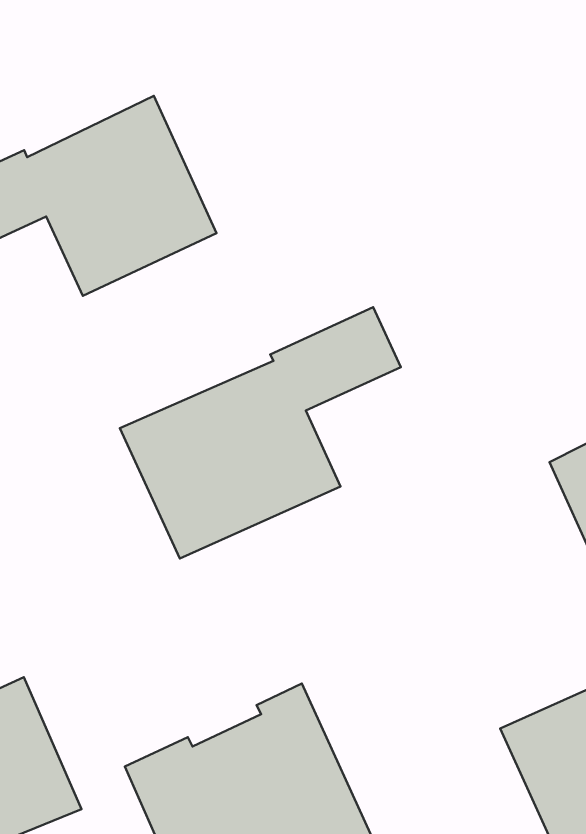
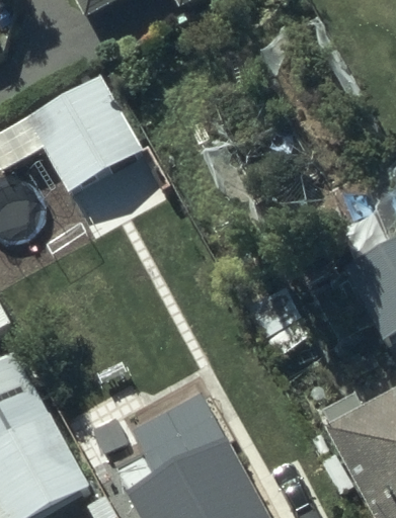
building: [120,307,401,558] -> none

